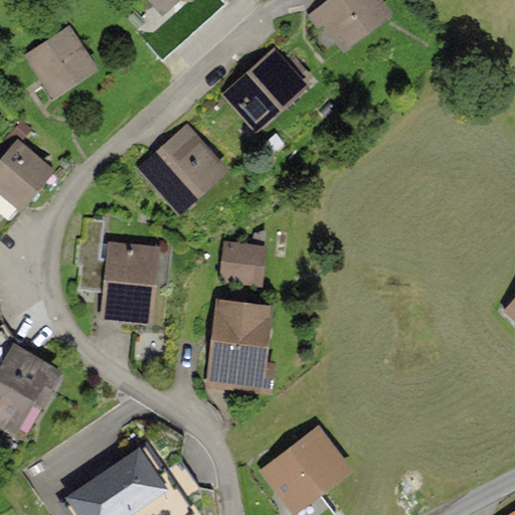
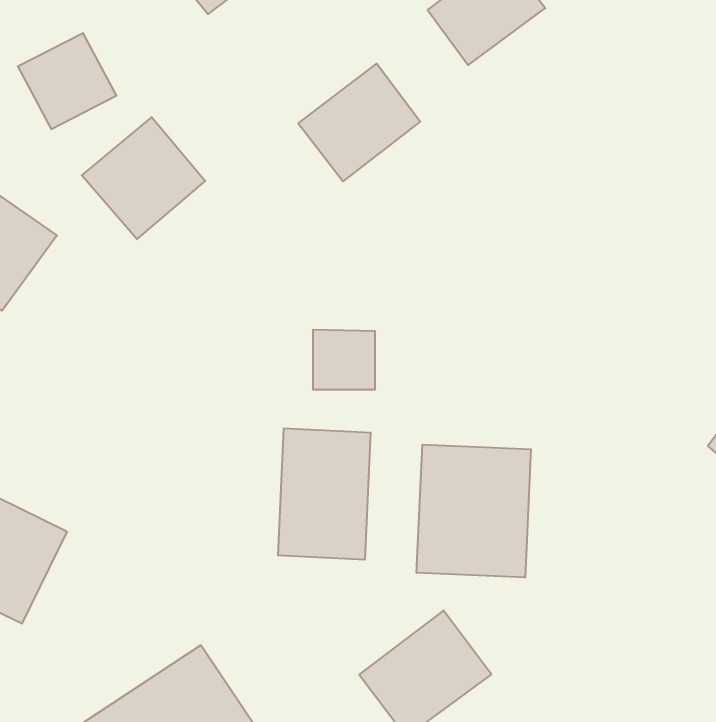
building: [140,125,225,209] -> [82,117,205,239]
building: [103,244,158,326] -> none
building: none -> [417,445,531,578]

